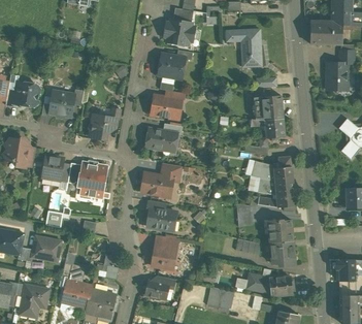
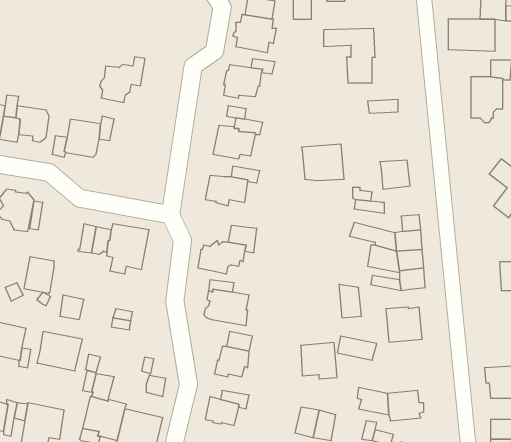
building: [254,95,283,120] -> [302,144,344,181]
building: [89,108,120,139] -> [100,57,145,102]
building: [42,155,63,180] -> [24,257,54,293]
building: [270,240,295,265] -> [301,343,337,379]

